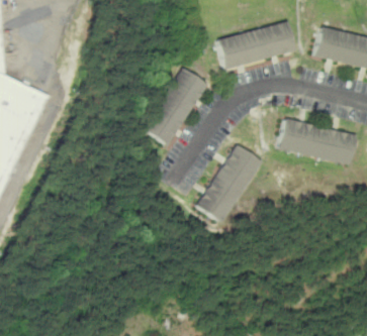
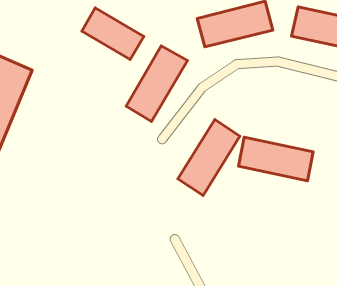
building: none -> [82,8,144,59]
building: [278,119,356,164] -> [238,137,313,181]

